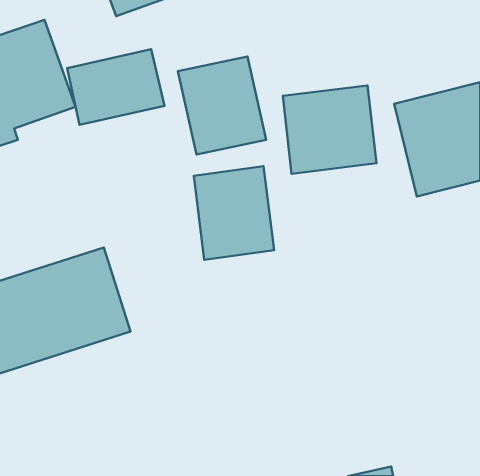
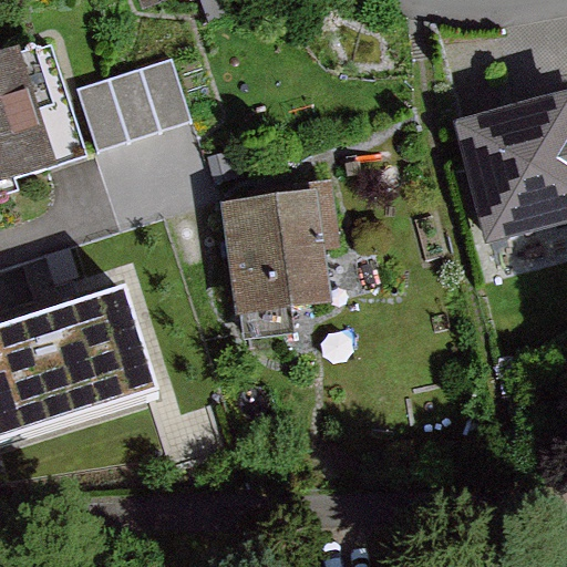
building: [178,57,266,154] -> none
building: [283,85,376,174] -> none

